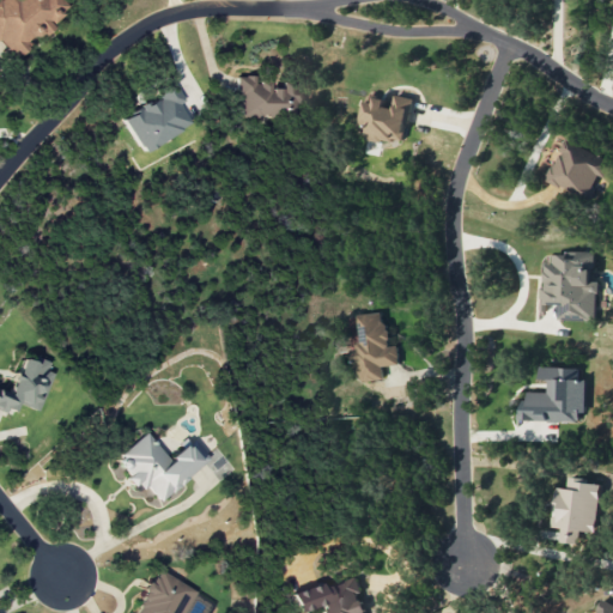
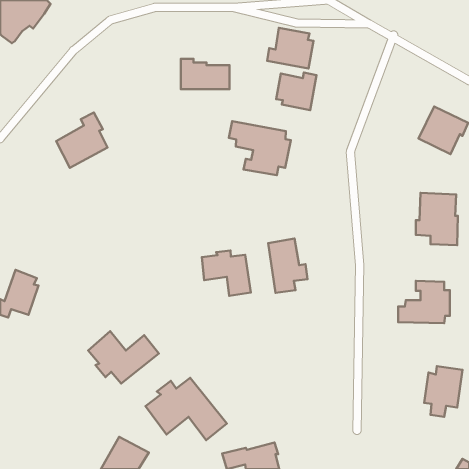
building: none -> [267,28,313,68]
building: [122,80,189,152] -> [56,113,108,168]
building: none -> [229,121,291,175]
building: none -> [202,250,251,296]
building: none -> [145,378,227,440]

